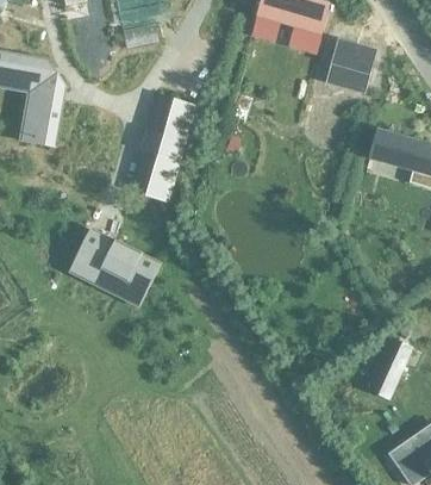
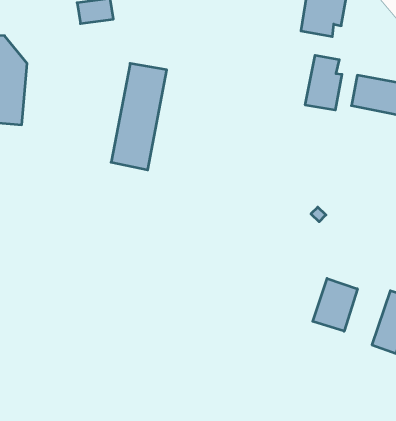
building: none -> [305,55,342,110]
building: [74,235,160,305] -> none
building: none -> [313,278,357,331]

